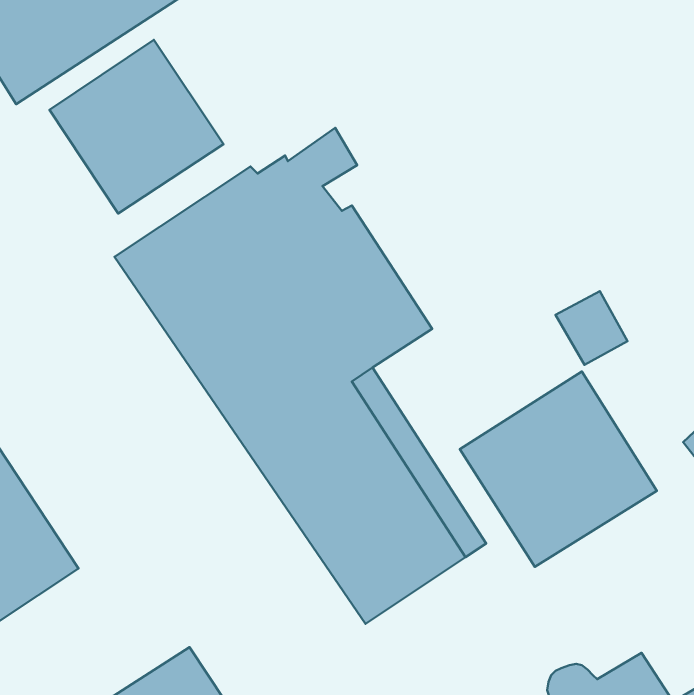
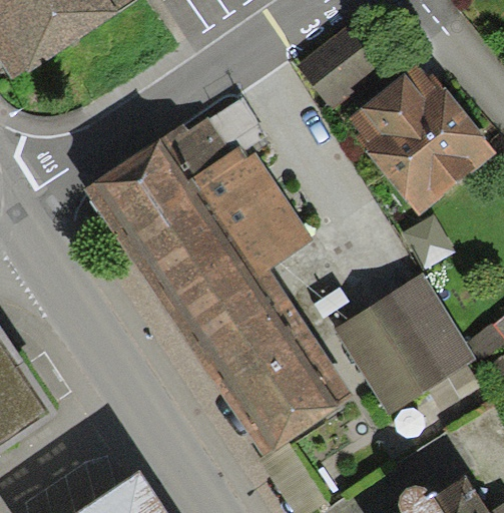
building: none -> [298,25,383,109]
building: [50,40,223,214] -> none
building: none -> [343,59,495,214]

